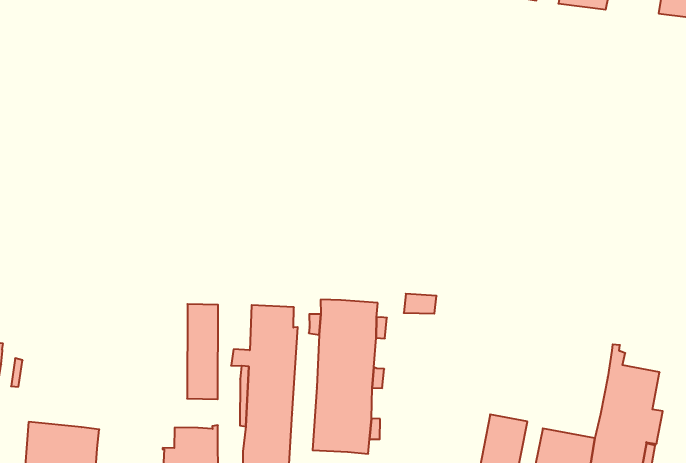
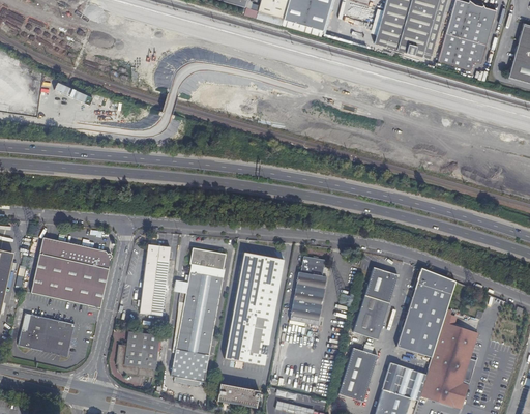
building: none -> [396,267,457,357]
building: none -> [353,266,401,341]
building: none -> [31,237,113,307]
building: none -> [290,271,327,324]

